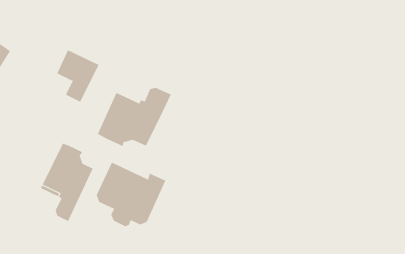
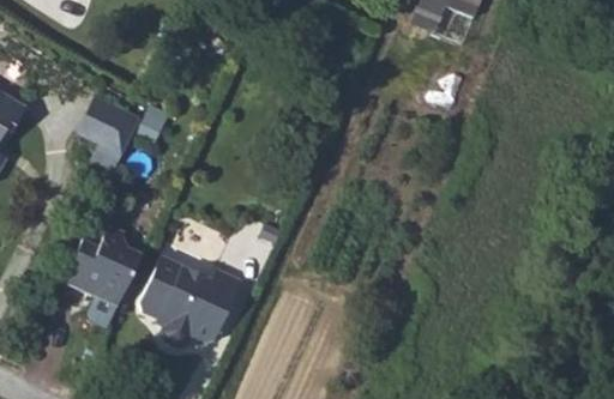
building: [97,87,171,147] -> none

